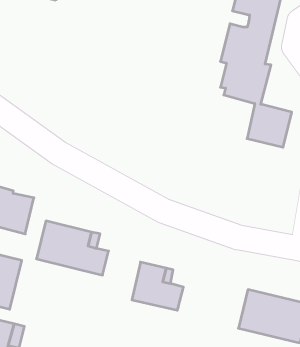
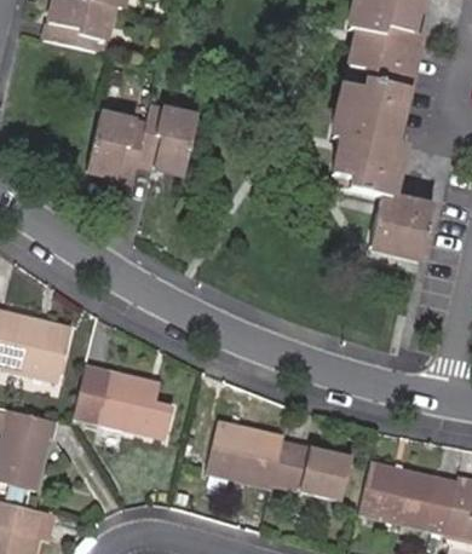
building: none -> [86,104,198,179]
building: none -> [272,440,352,501]

